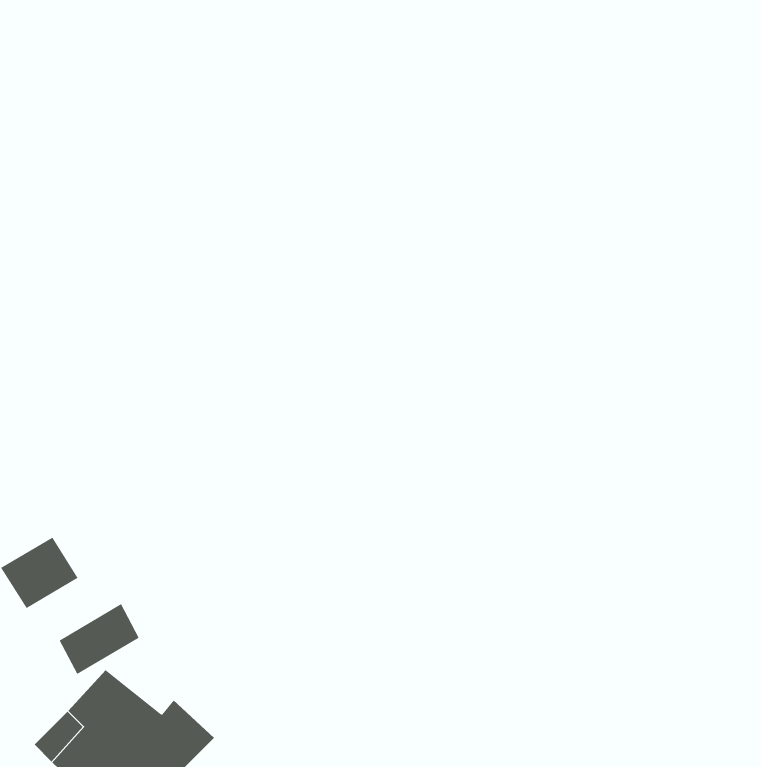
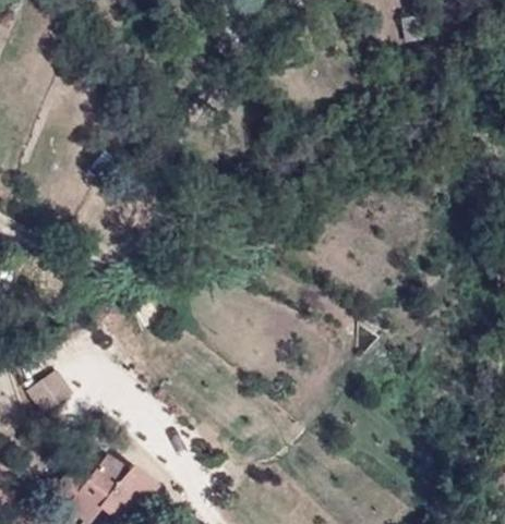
building: [59,603,140,675] -> none

